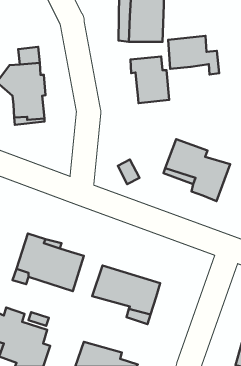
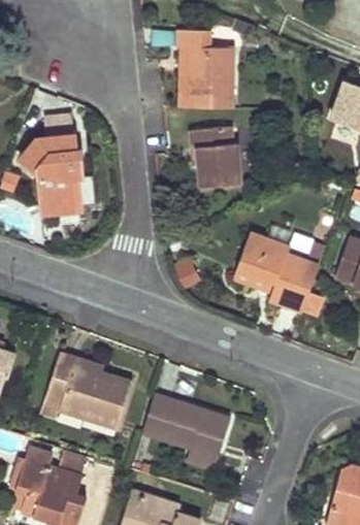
building: [168,36,219,75] -> none

